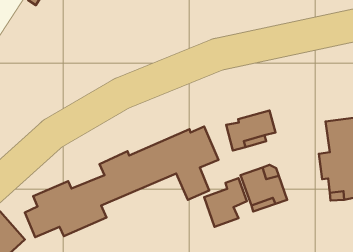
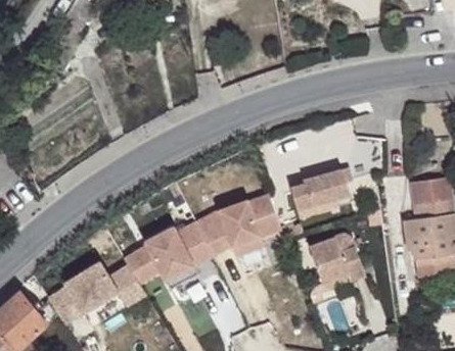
building: [204,178,247,227] -> none

